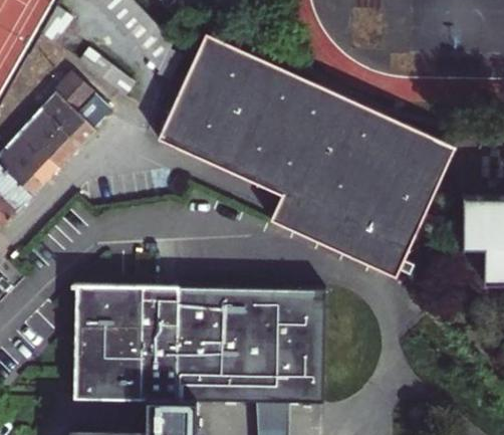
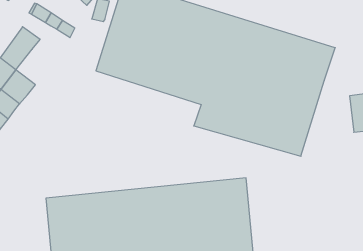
building: [57,103,96,148] -> none

